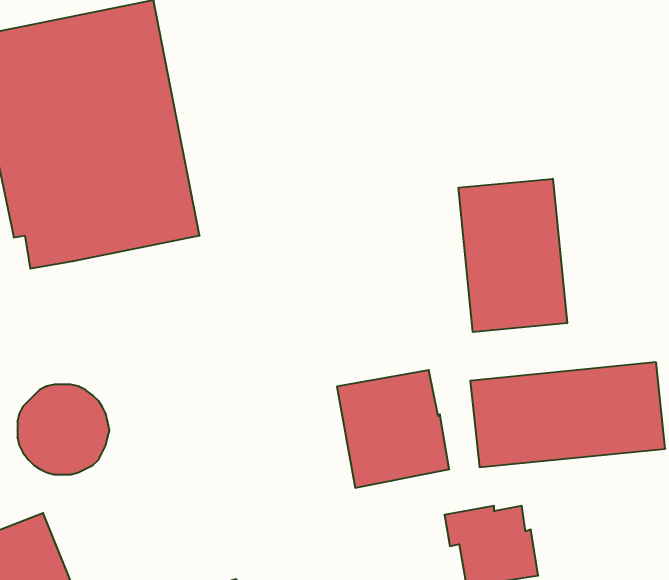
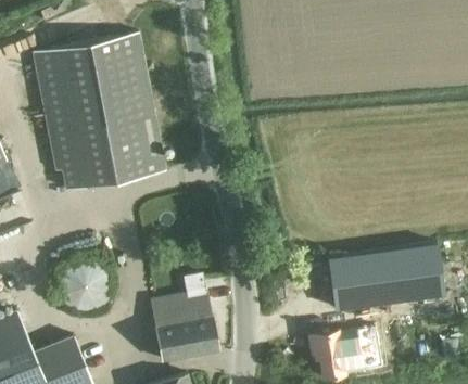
building: [459,179,567,332] -> none
building: [337,370,449,488] -> [152,293,218,362]

